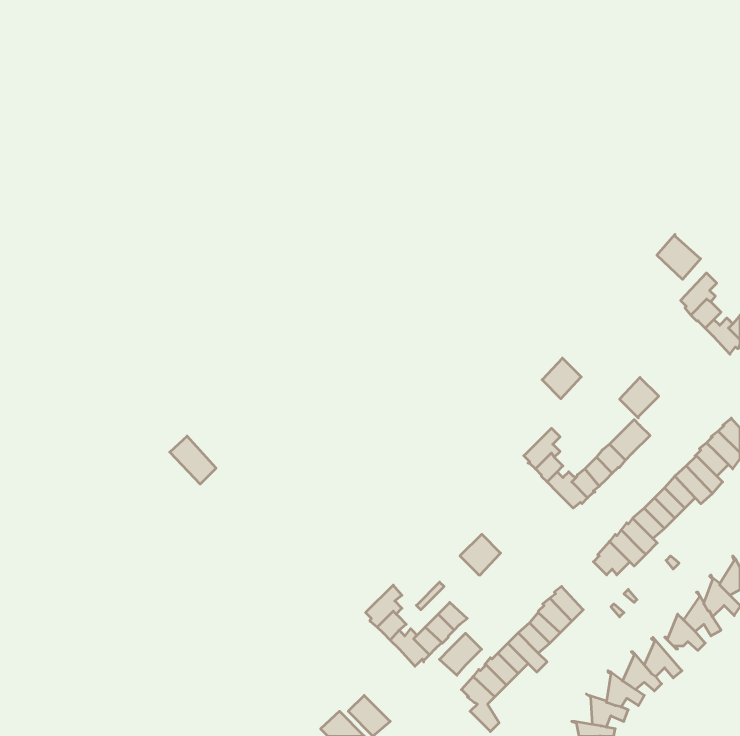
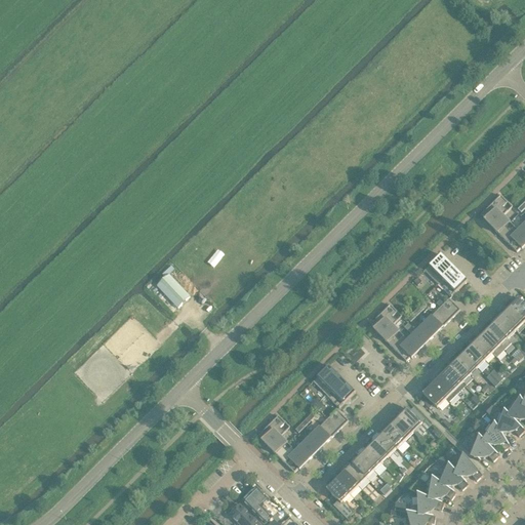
building: [657,234,701,279] -> none
building: [542,358,581,399] -> [425,253,452,282]
building: [170,436,216,484] -> [156,272,189,306]
building: none -> [312,364,340,393]
building: none -> [397,405,425,431]
building: [439,633,482,675] -> [318,407,348,437]

